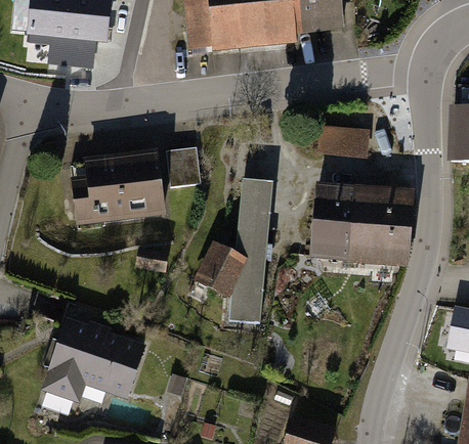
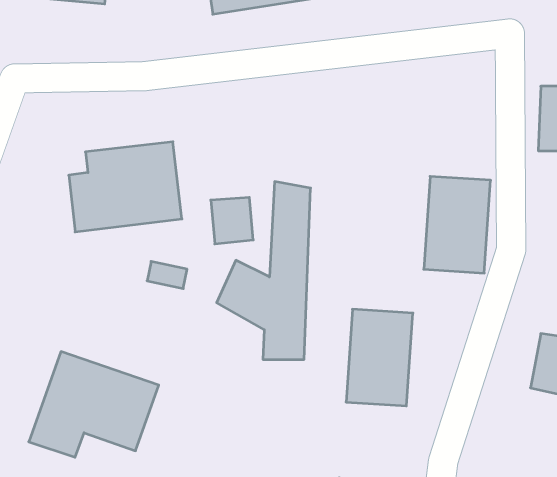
building: [327,122,371,152] -> none
building: [168,148,202,185] -> [211,197,253,244]
building: [310,178,364,255] -> [346,309,413,406]

